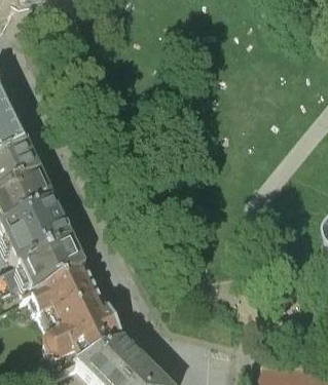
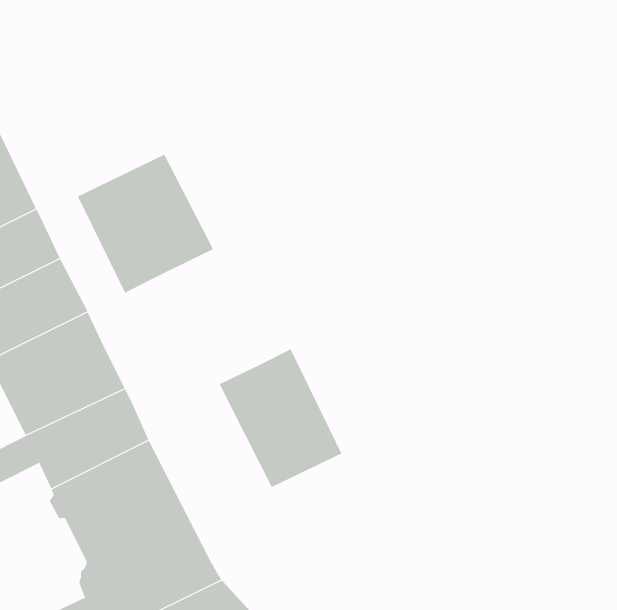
building: none -> [77,154,214,294]
building: none -> [219,349,342,488]

